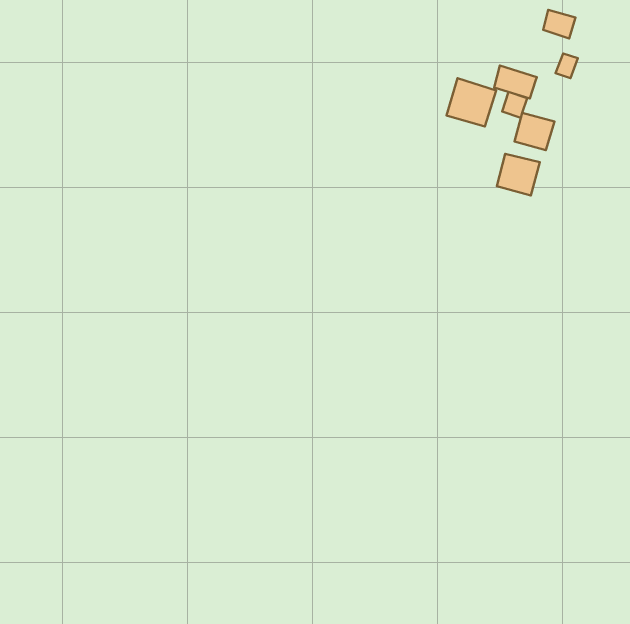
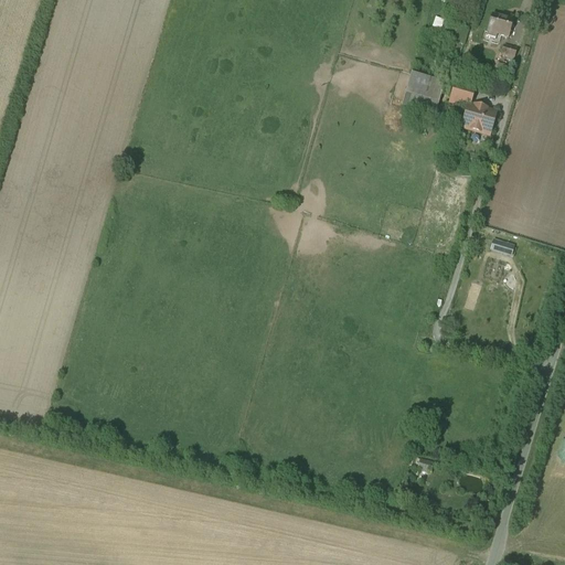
building: [494,65,537,98] -> none
building: [497,154,540,196] -> none

